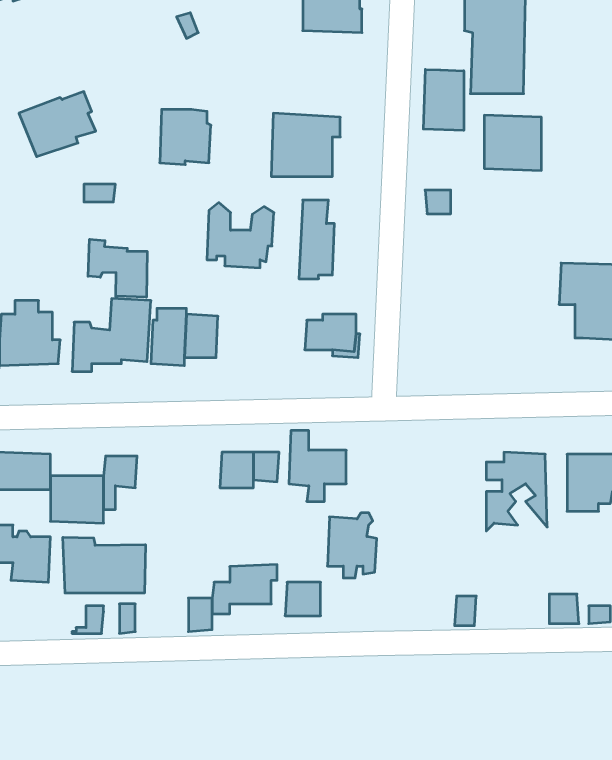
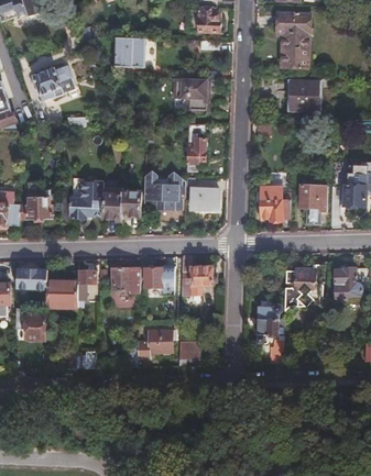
building: [423,69,464,130] -> none
building: [160,109,211,165] -> [113,38,142,69]
building: [207,203,274,268] -> [142,174,179,210]
building: [88,239,147,297] -> none
building: none -> [298,185,326,220]
building: none -> [262,187,290,220]
building: none -> [111,265,140,298]
building: [327,513,377,578] -> [258,306,285,342]
building: [63,537,145,593] -> none

